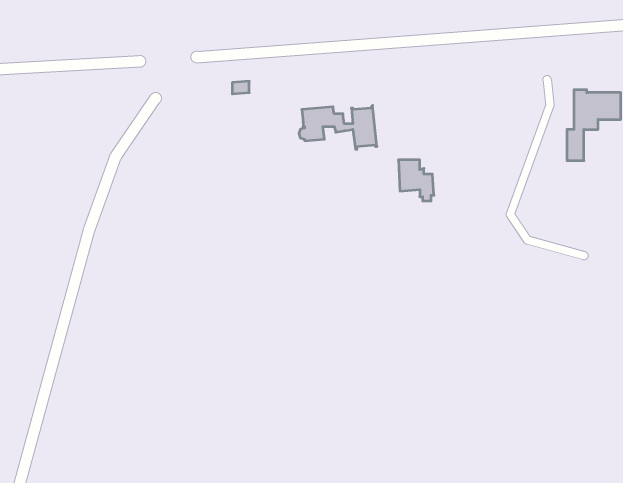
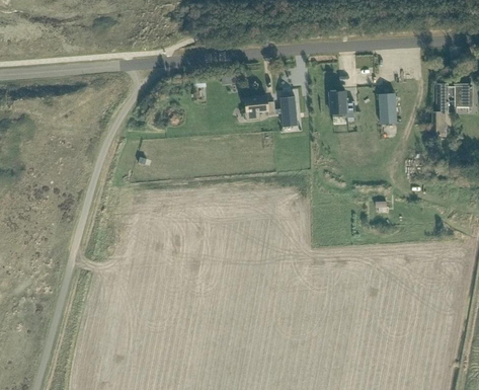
building: none -> [379,92,397,124]
building: [398,160,434,201] -> [330,91,355,121]

